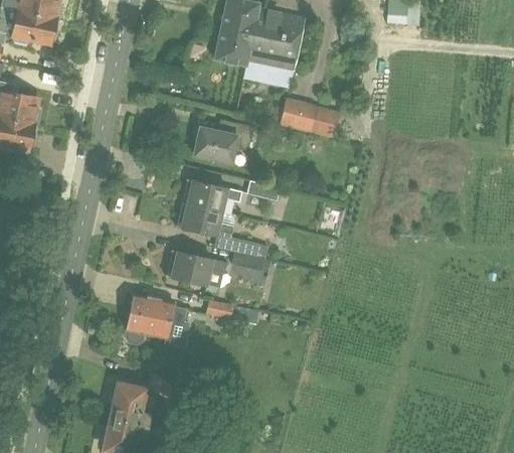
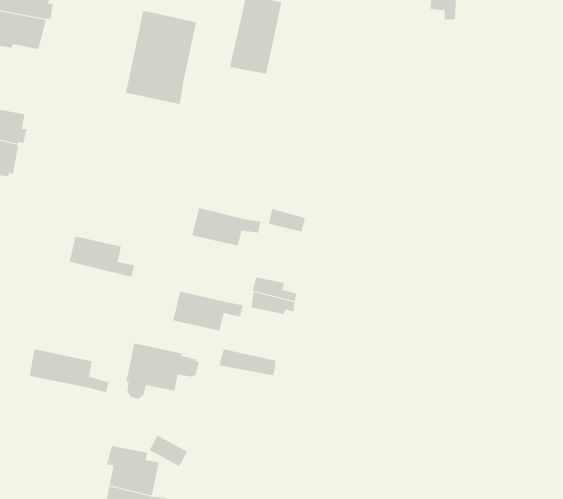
building: [242,7,304,88] -> [125,10,197,105]
building: [280,98,338,137] -> none
building: [193,118,252,162] -> none
building: [176,202,232,238] -> [69,236,135,277]
building: none -> [29,348,109,393]

